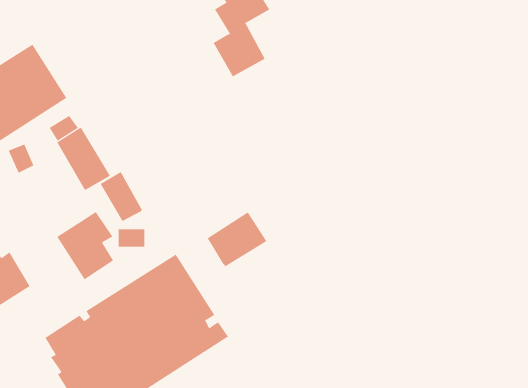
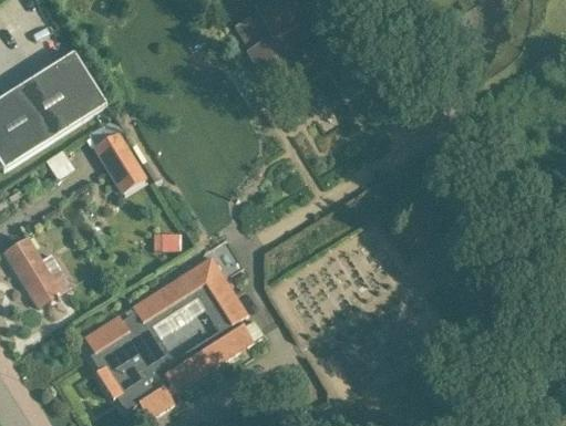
building: [100,171,143,222] -> none
building: [56,211,114,280] -> none
building: [206,212,267,267] -> none

